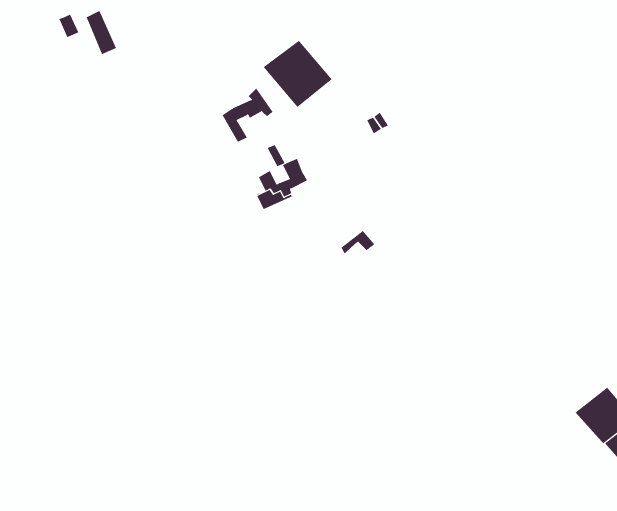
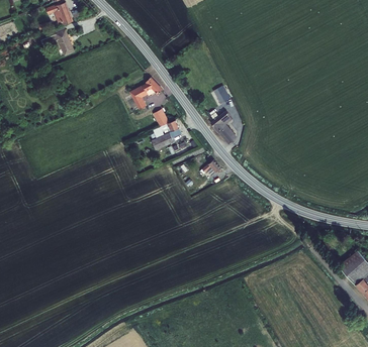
building: [263,39,333,108] -> none
building: none -> [211,111,236,143]

